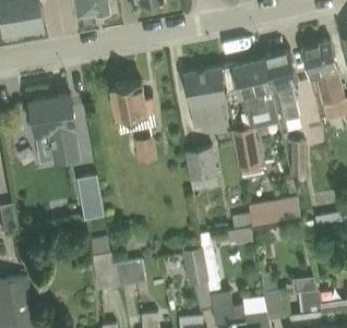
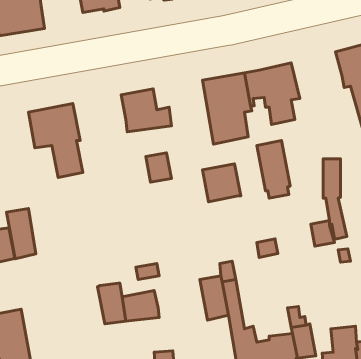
building: [263,53,300,123] -> none
building: [77,178,104,222] -> [6,208,36,259]

